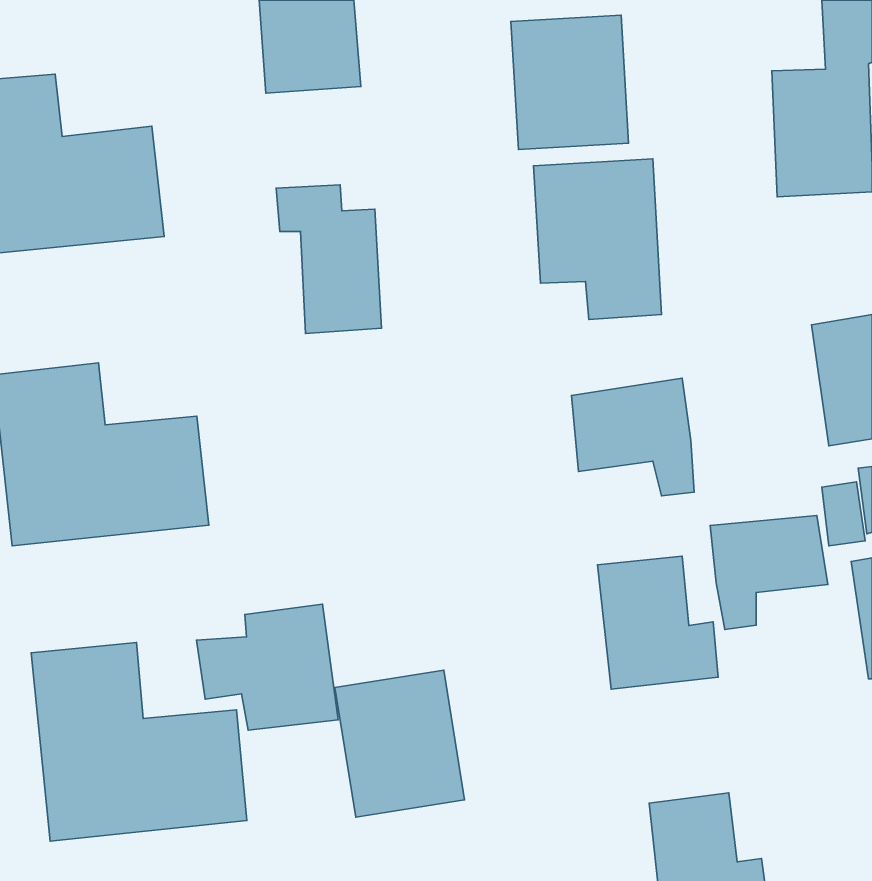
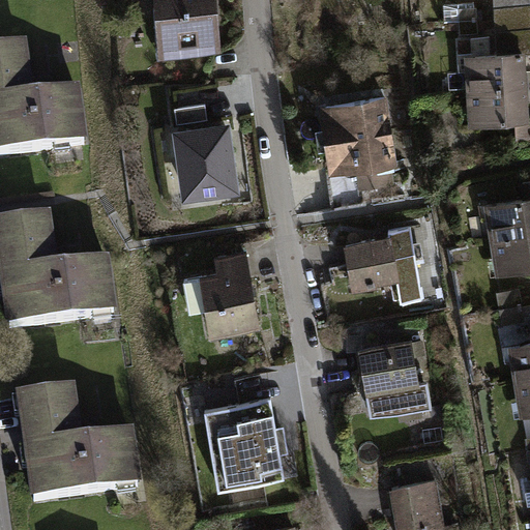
building: [511,15,629,150] -> none
building: [710,516,828,630] -> none
building: [197,604,338,730] -> [178,255,263,330]

